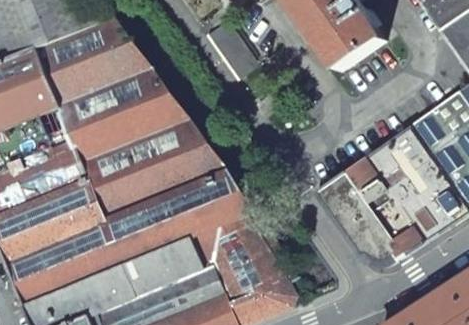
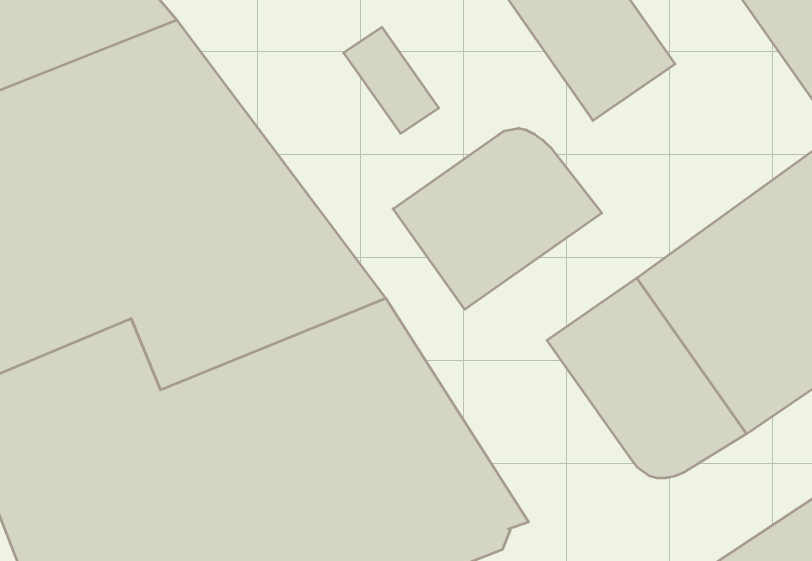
building: none -> [393,128,602,309]

